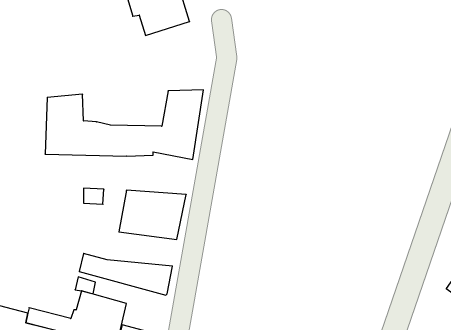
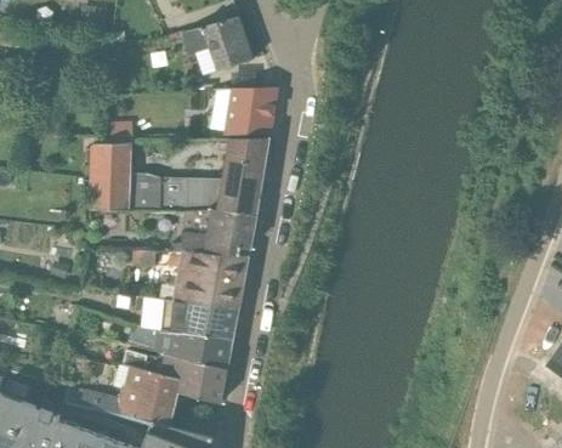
building: none -> [209,89,277,137]
building: none -> [171,209,256,257]
building: none -> [159,300,238,339]
building: none -> [161,356,226,404]

